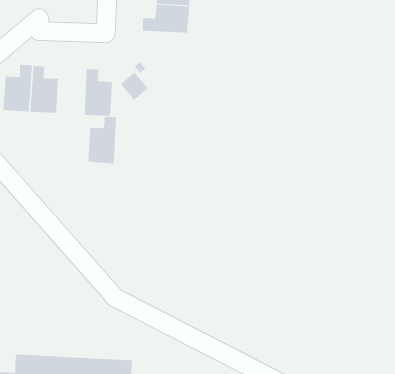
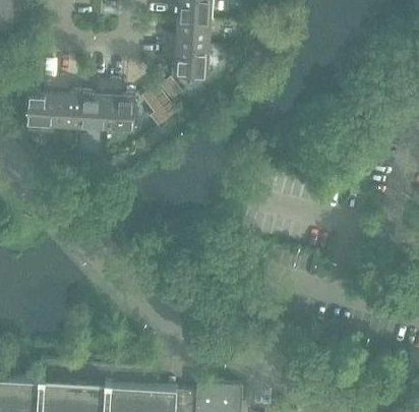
building: none -> [163,51,208,79]
building: [88,116,117,164] -> [80,86,109,133]

